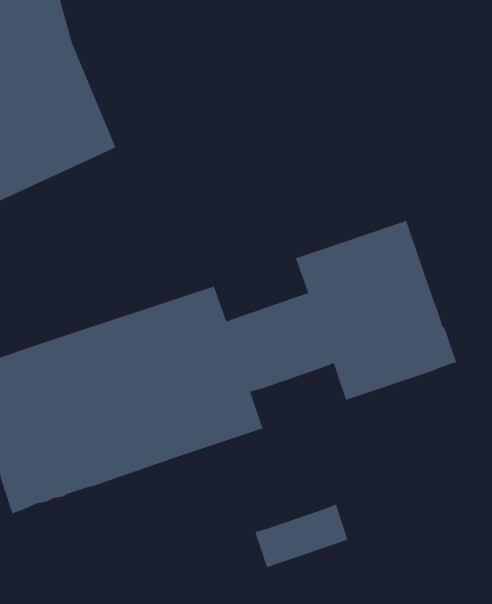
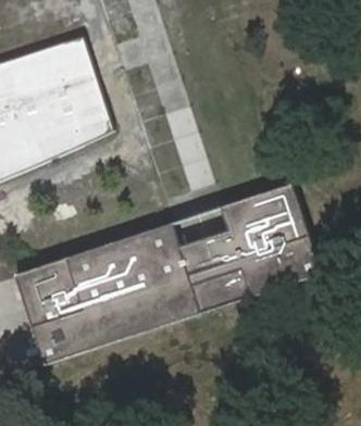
building: none -> [170,205,227,245]
building: [254,504,349,568] -> [192,272,251,312]

